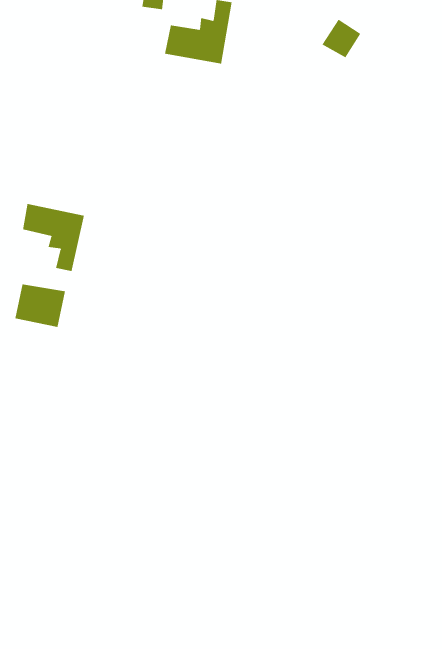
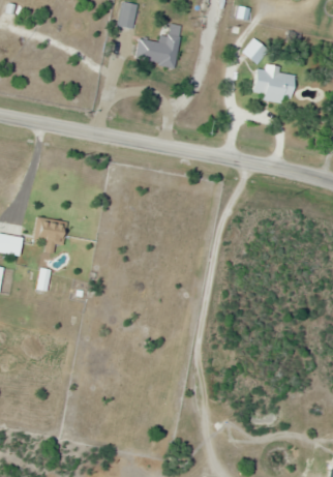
building: none -> [253,64,297,101]
building: [23,203,85,272] -> none

